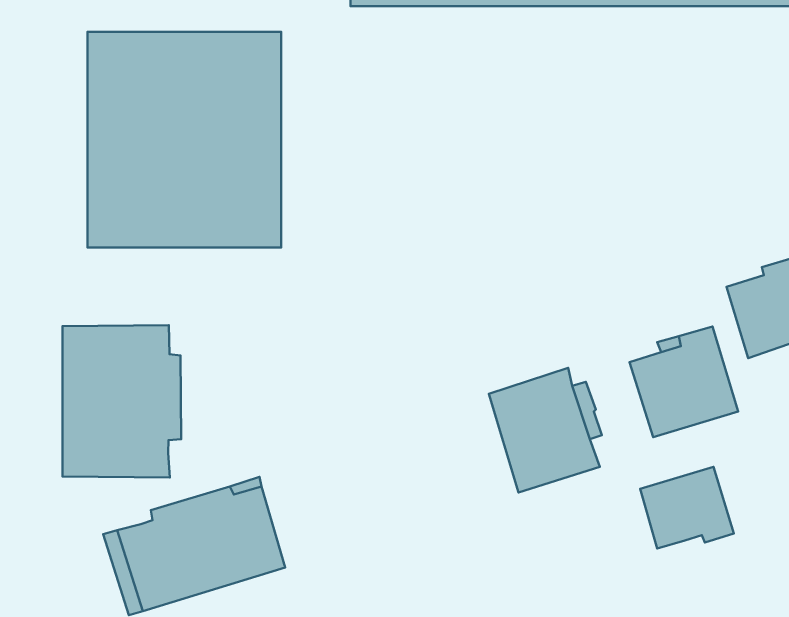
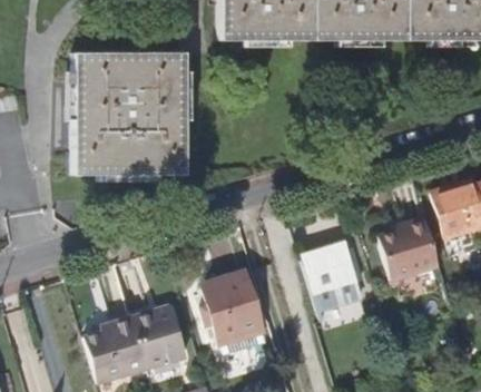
building: [62,325,181,478] -> none
building: none -> [202,272,258,337]
building: [640,467,734,548] -> none

